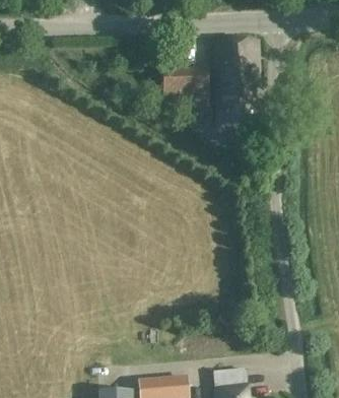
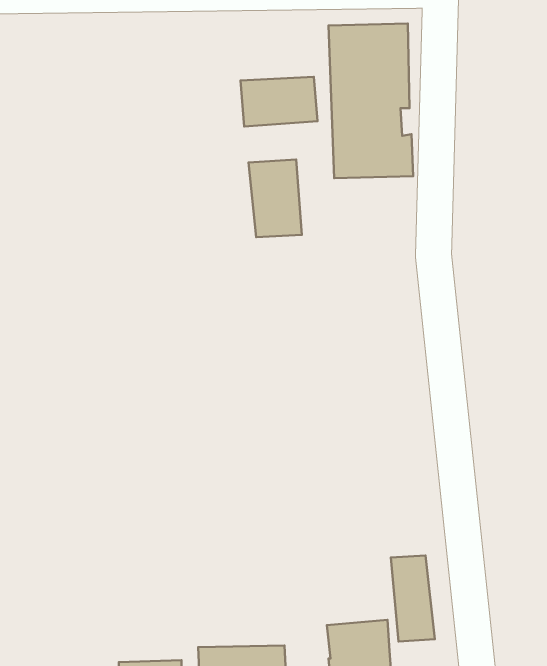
building: none -> [248,160,302,237]
building: none -> [391,555,435,642]

